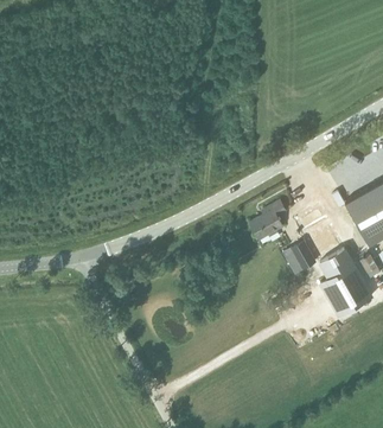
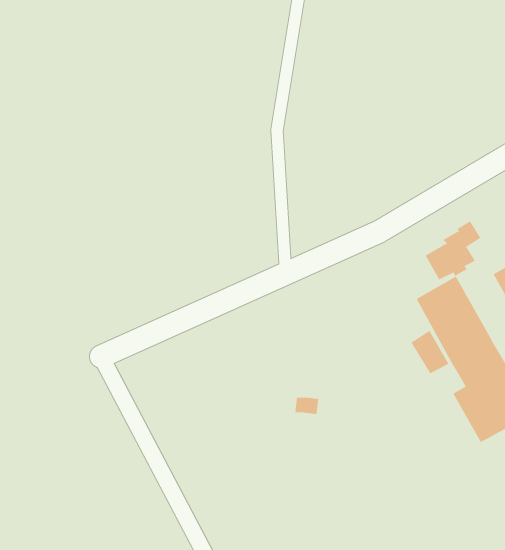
building: [249,200,287,241] -> [425,220,481,280]

